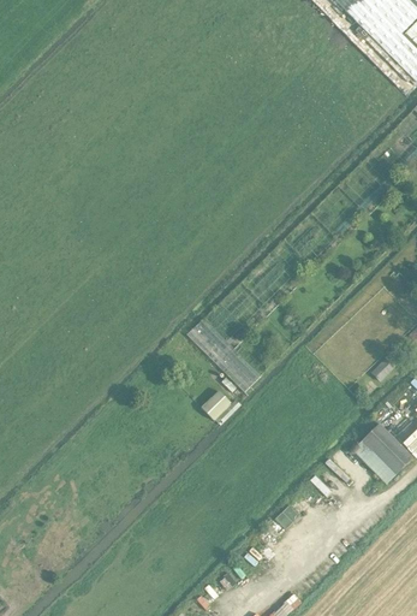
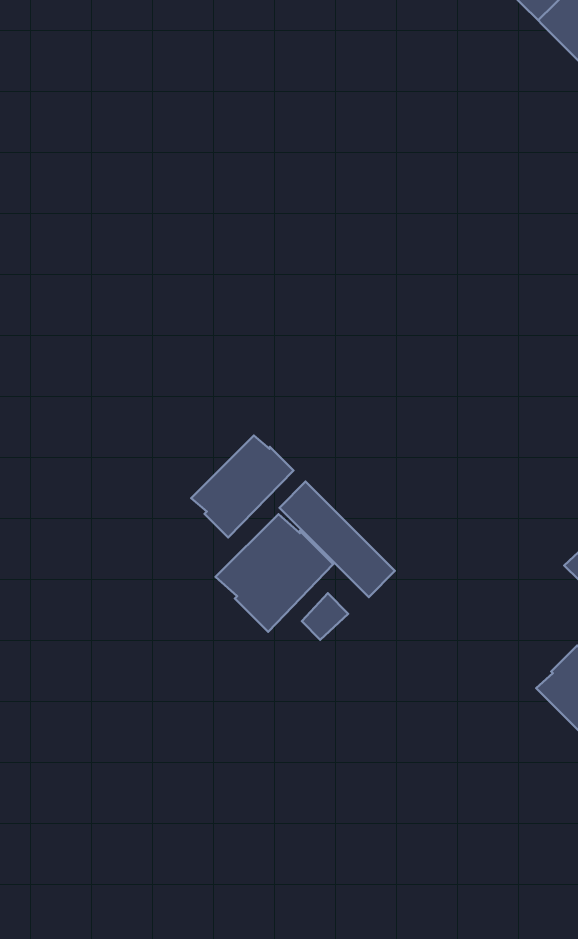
building: none -> [191,436,294,538]
building: none -> [216,514,333,632]

